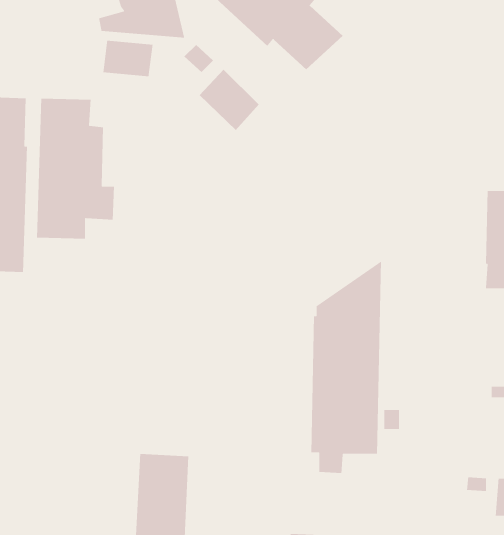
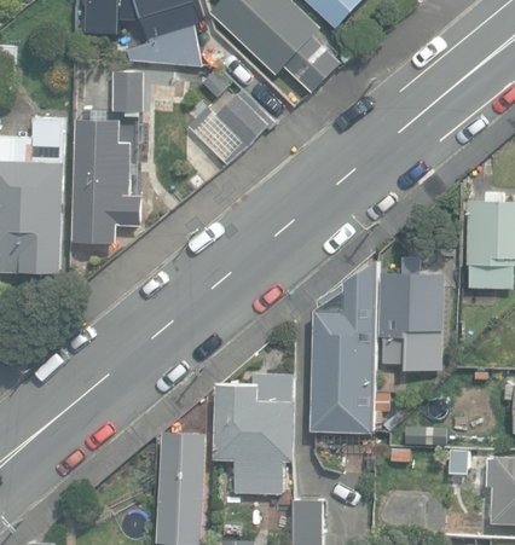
building: none -> [378,257,444,365]
building: none -> [214,372,295,494]

